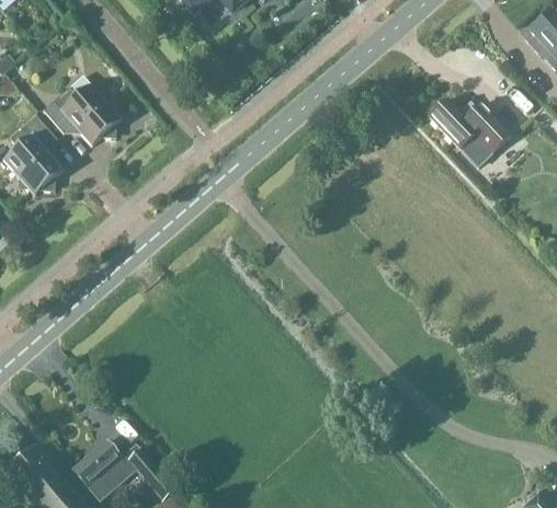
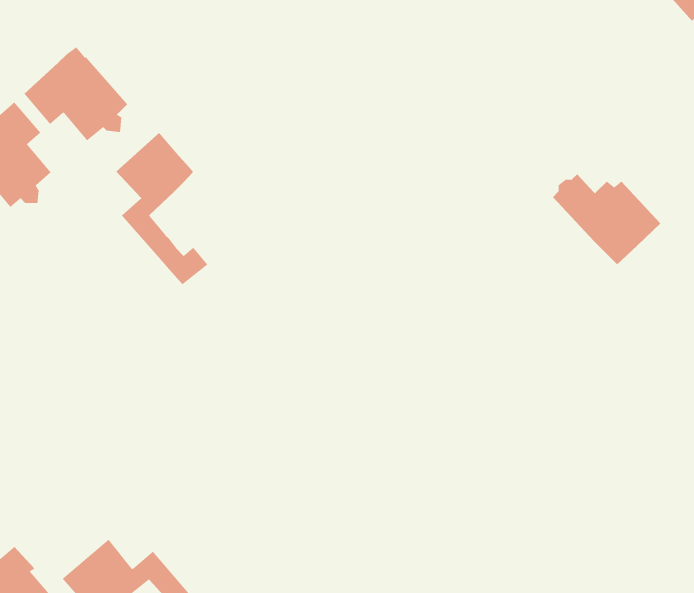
building: [430,97,511,165] -> [552,173,661,265]
building: none -> [115,132,208,285]

